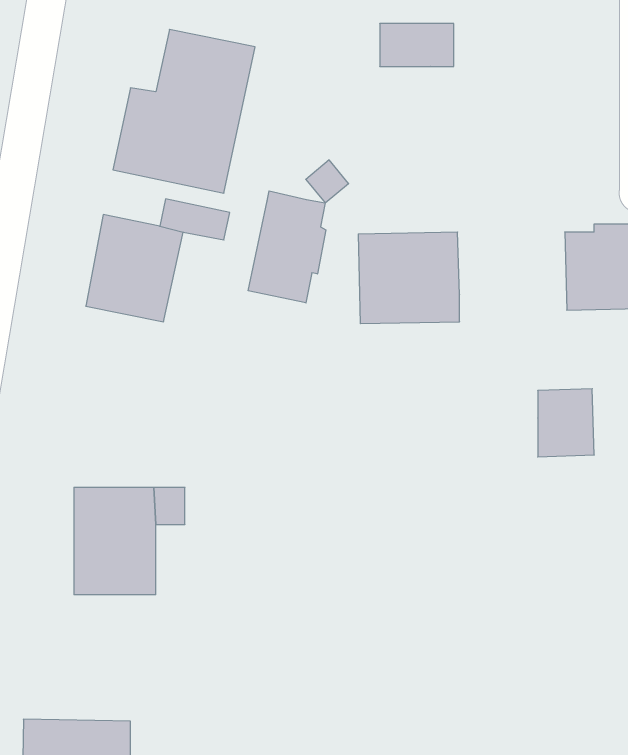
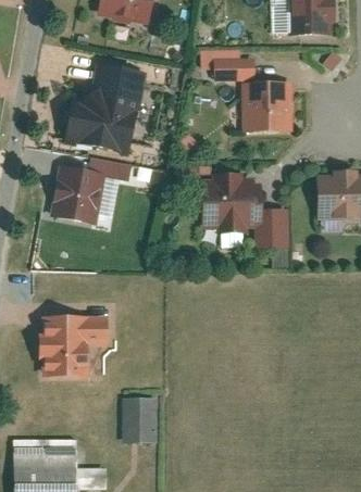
building: none -> [242,81,292,133]
building: [248,191,326,303] -> none
building: [538,389,594,457] -> [259,209,290,247]
building: none -> [124,396,157,442]

